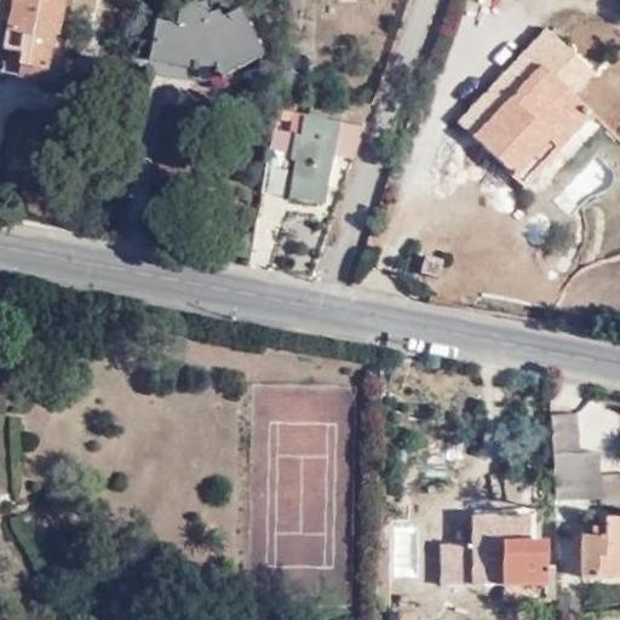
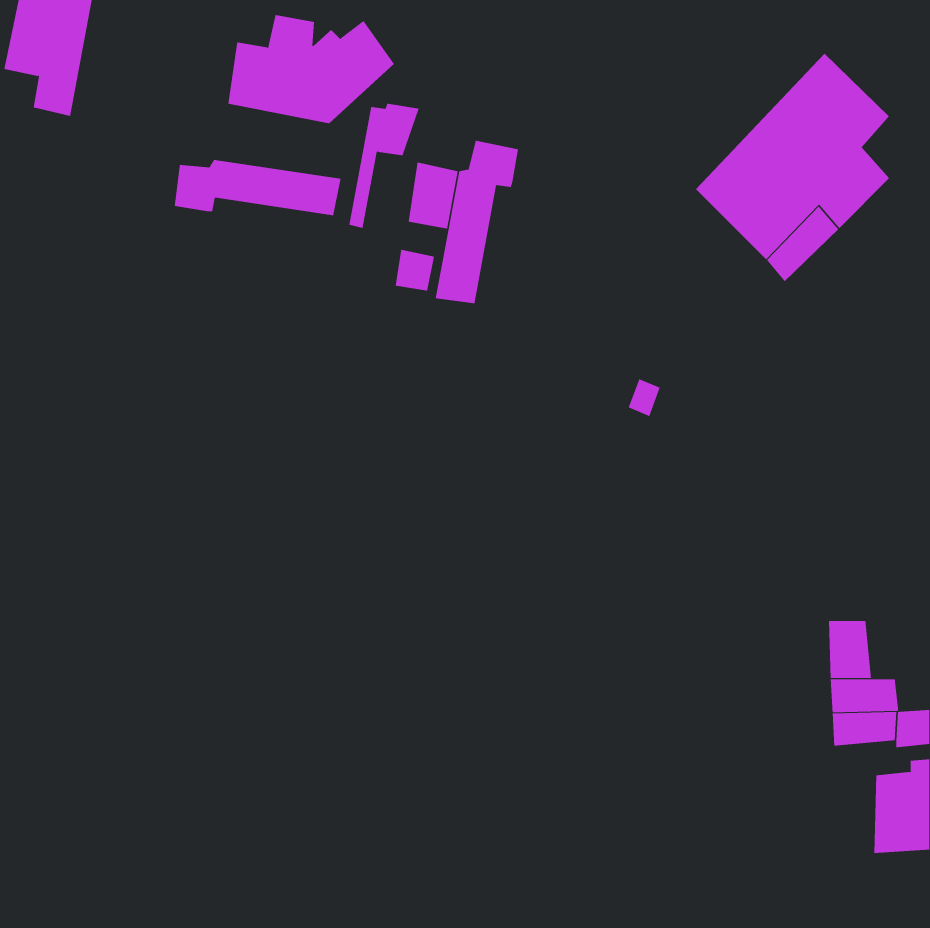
building: none -> [174,159,341,216]
building: [316,121,363,205] -> [349,103,419,229]
building: [457,524,559,587] -> none

